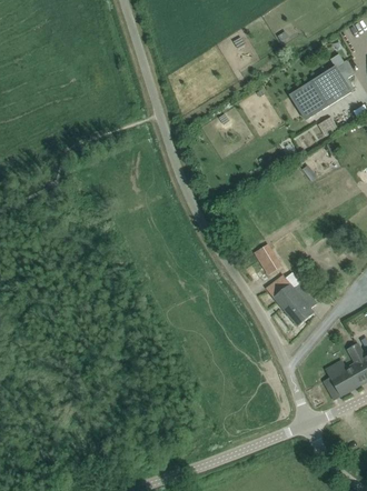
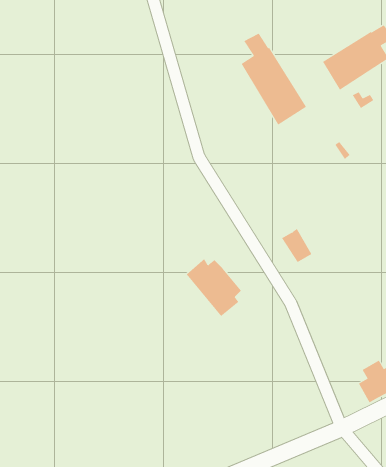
building: none -> [241,33,307,126]
building: [266,273,316,325] -> [186,258,242,317]

